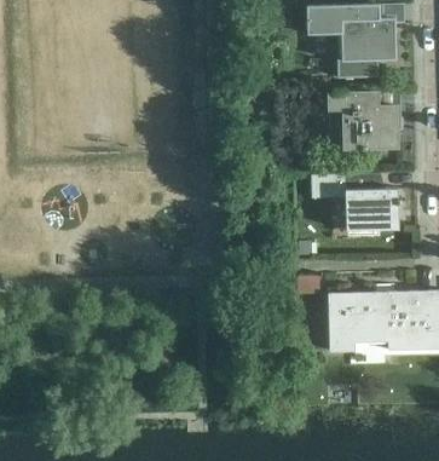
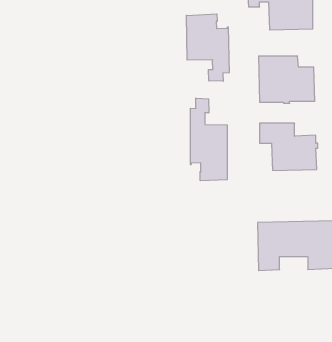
building: none -> [186,14,229,81]
building: none -> [190,98,227,181]

